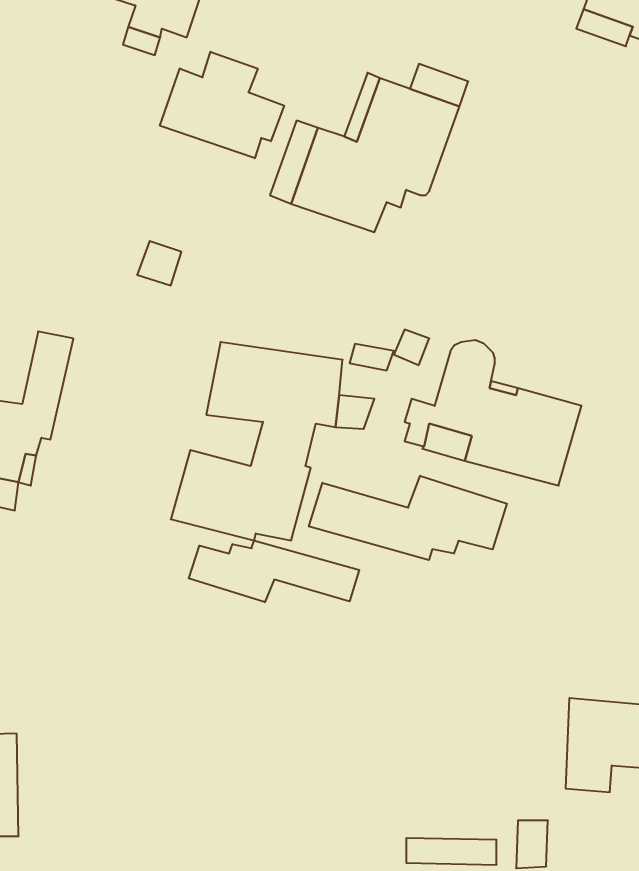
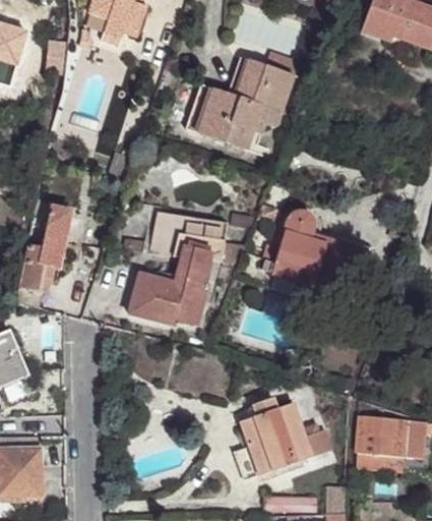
building: [160,52,284,158] -> none
building: [309,476,507,560] -> none
building: [189,540,359,602] -> none
building: none -> [240,397,331,474]

